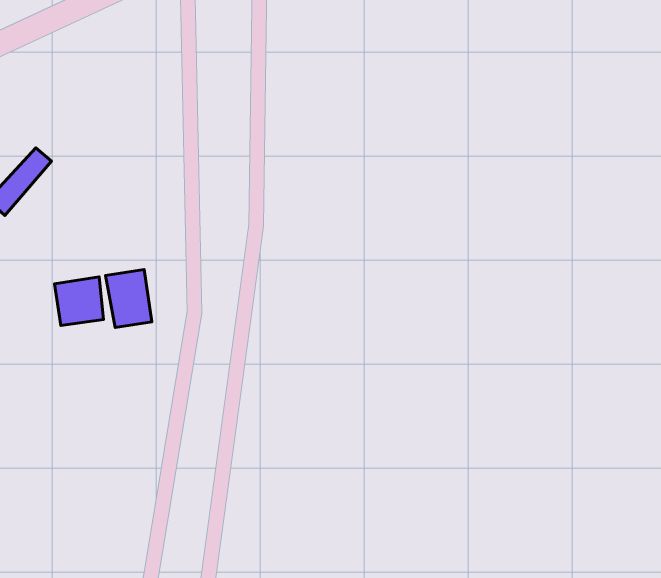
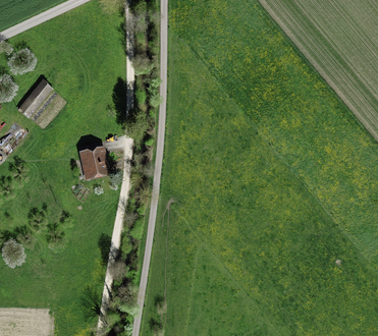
building: [54,277,104,326] -> none

